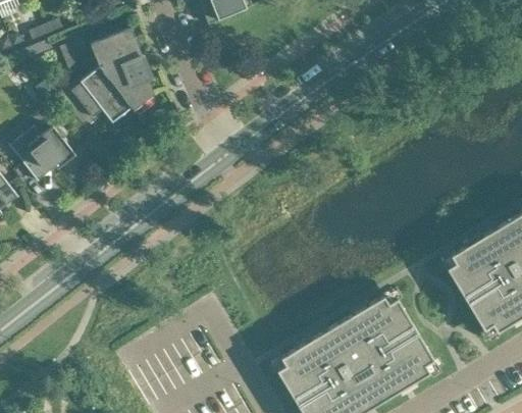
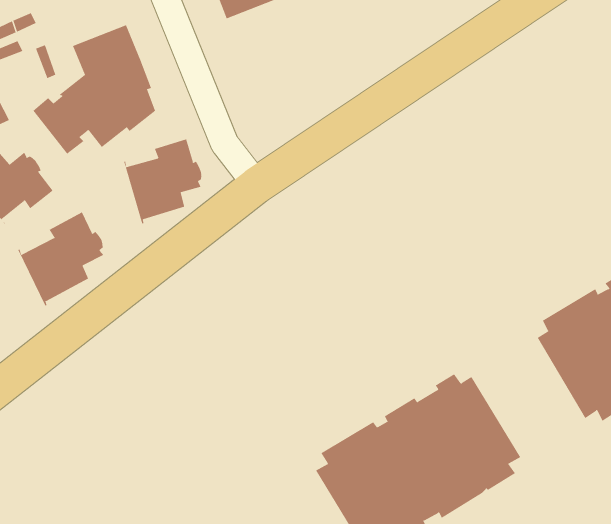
building: none -> [123,138,202,224]
building: none -> [18,212,104,306]

